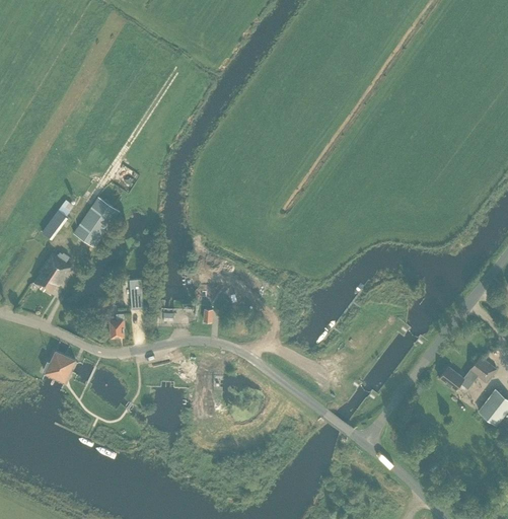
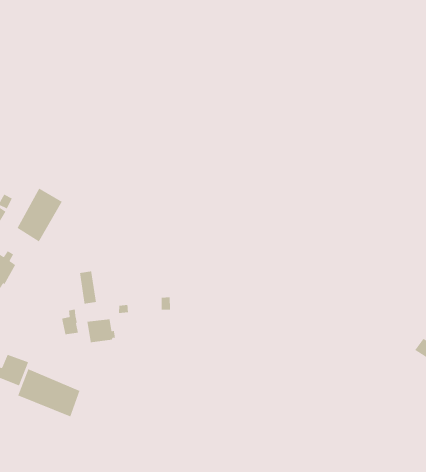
building: none -> [87,318,116,343]
building: none -> [17,368,80,417]

